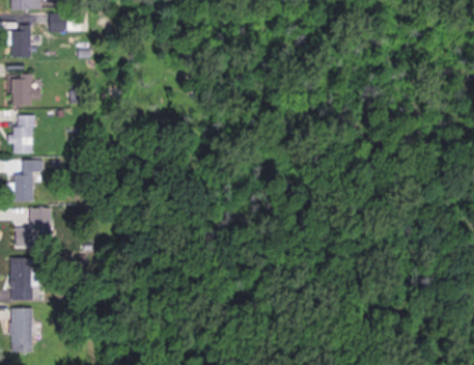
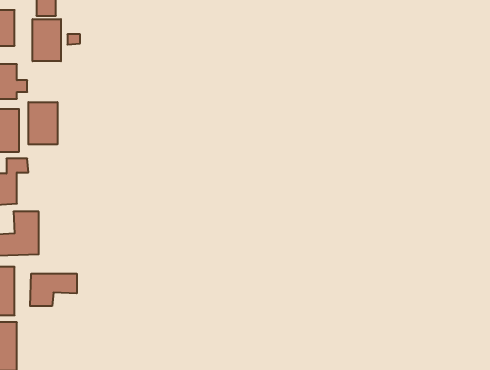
building: none -> [33,19,61,61]
building: none -> [28,102,57,144]
building: none -> [30,274,77,306]

